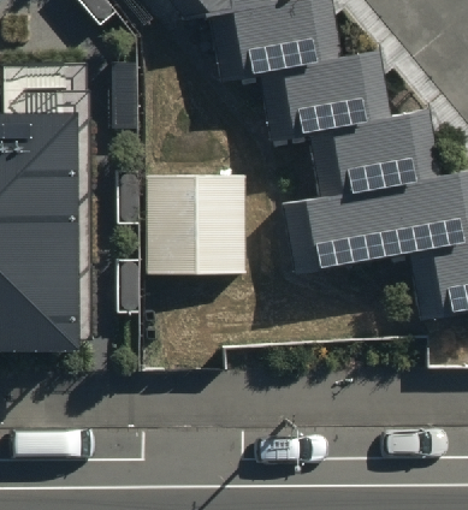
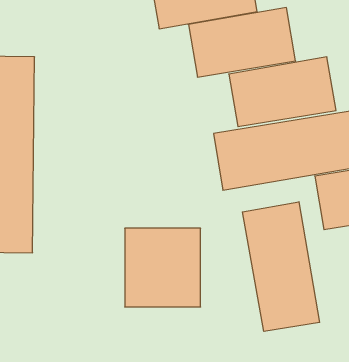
building: [147,179,237,273] -> [125,228,201,307]
building: none -> [242,202,320,331]

